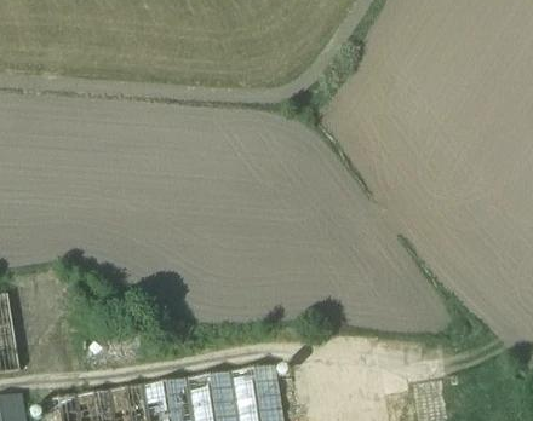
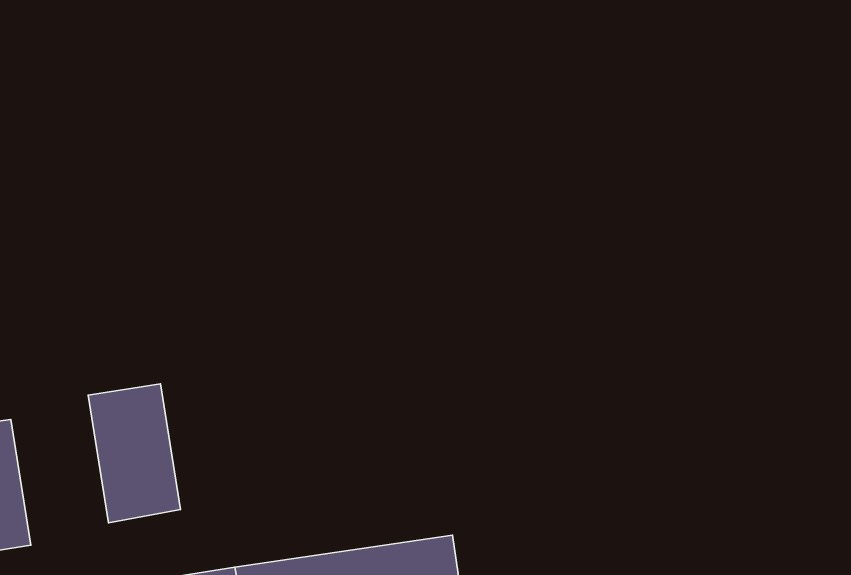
building: none -> [88,384,180,523]

